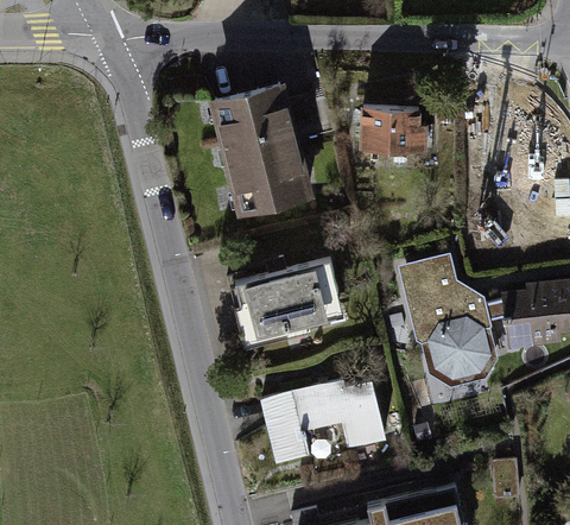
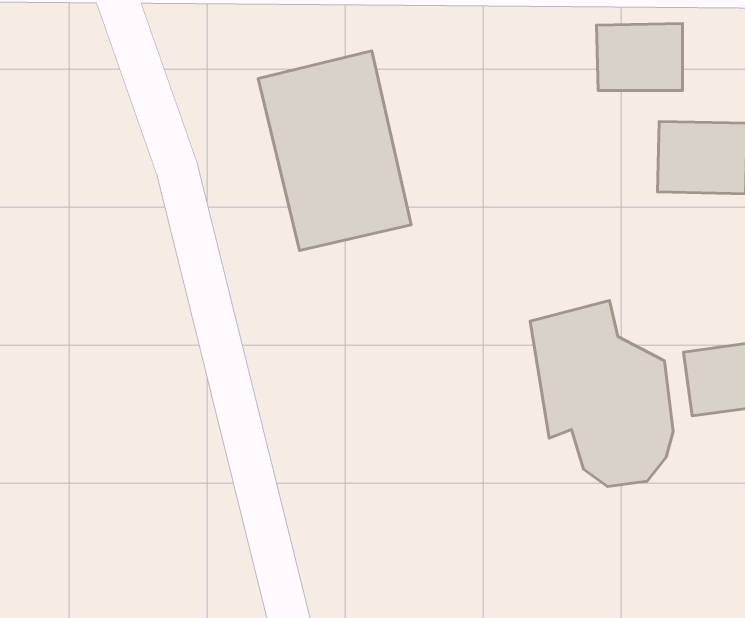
building: [365,110,424,157] -> [596,23,683,91]
building: [240,261,347,336] -> none
building: [259,374,385,464] -> none

